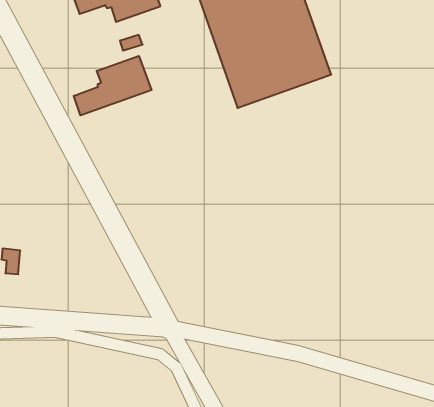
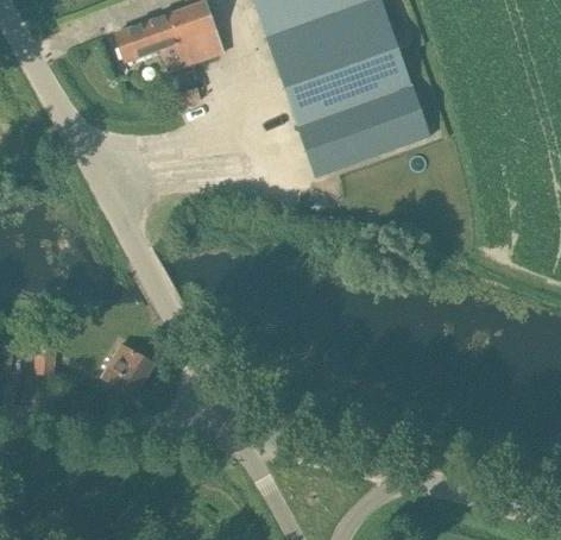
building: [74,56,152,115] -> none
building: none -> [102,345,155,397]

